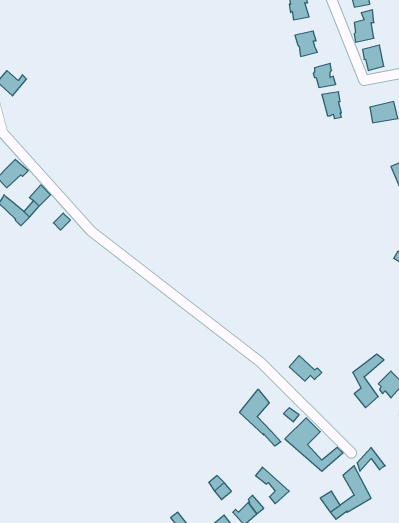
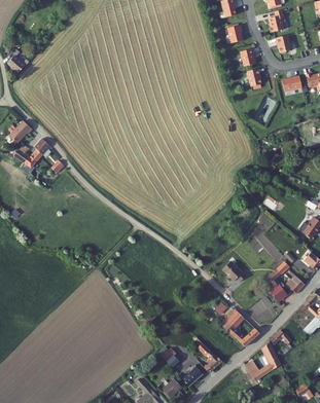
building: [240,389,281,446] -> none

